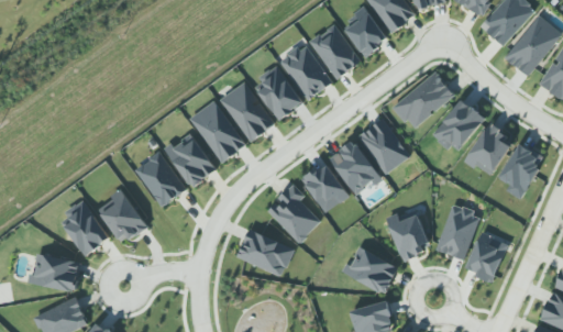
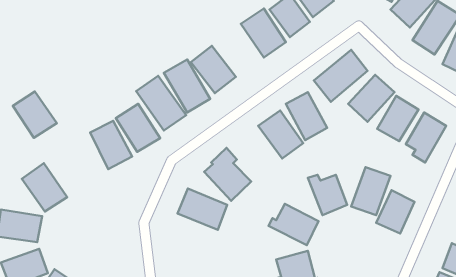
building: [280,44,332,101] -> none
building: [302,163,349,213] -> none
building: [97,191,147,244] -> [13,91,57,138]

